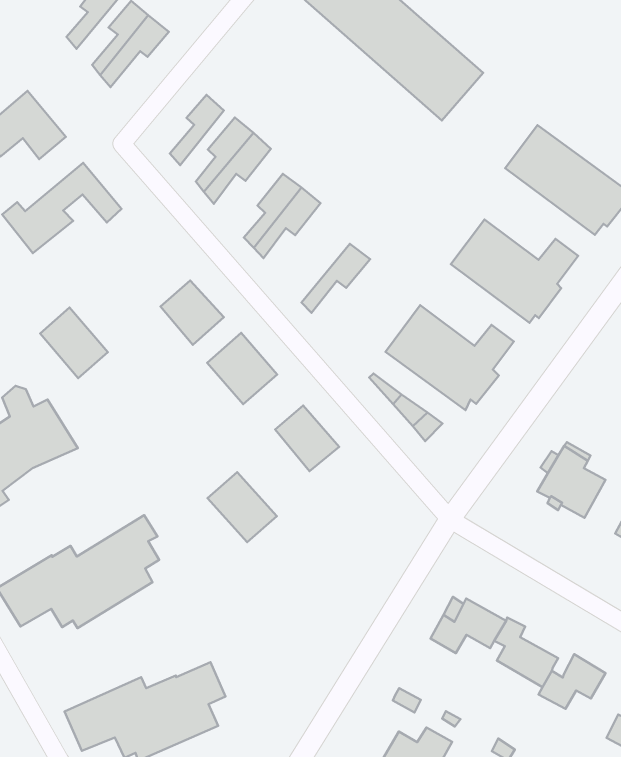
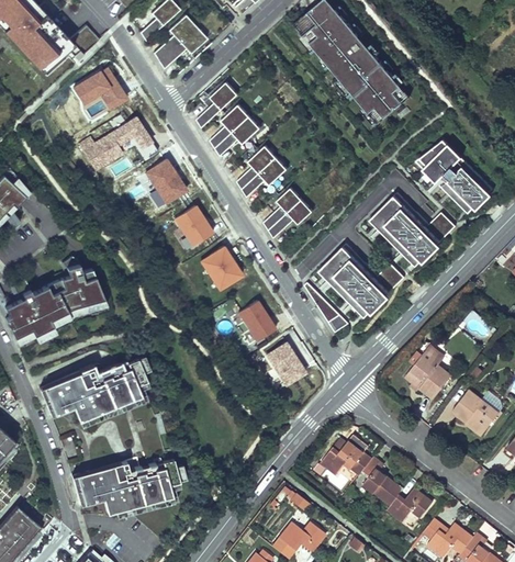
building: none -> [262,184,304,231]
building: [40,308,108,378] -> [145,157,188,204]
building: [208,472,277,542] -> [264,340,307,387]

